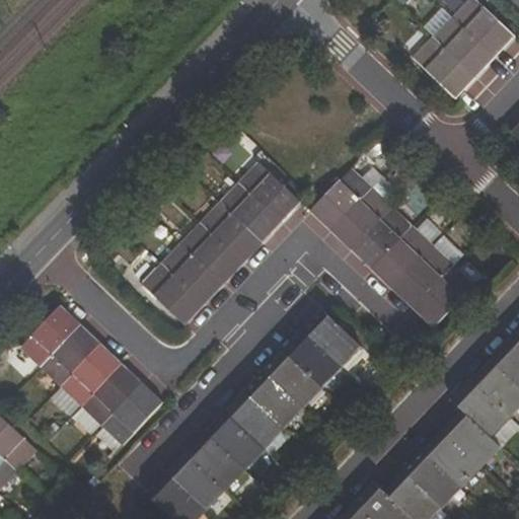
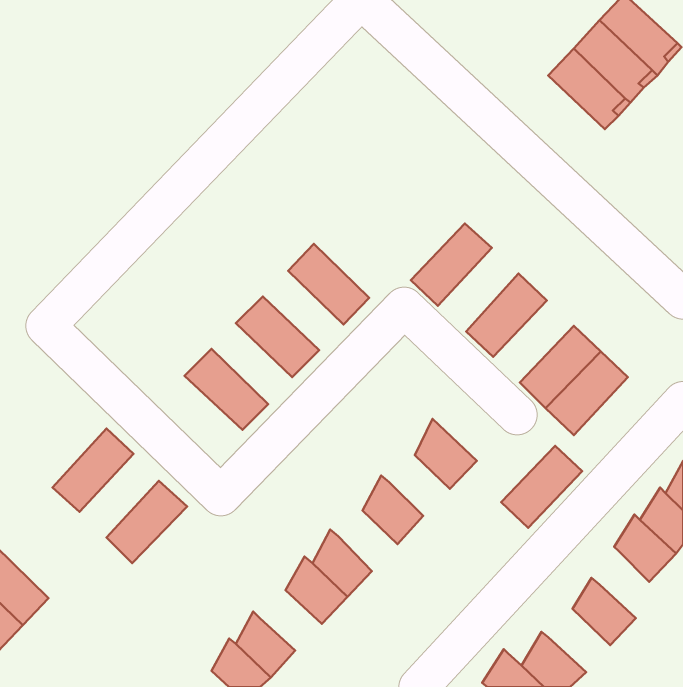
building: [236,161,300,224] -> none
building: [329,187,390,249] -> none
building: [198,204,258,264] -> none
building: [371,226,432,288] -> [501,446,582,528]
building: [159,243,220,304] -> none
building: [19,305,80,367] -> none
building: [293,338,339,388] -> none
building: [60,342,120,404] -> none
building: [254,379,299,430] -> none
building: [99,381,163,445] -> none
building: [451,415,498,465] -> none
building: [196,440,242,490] -> none
building: [413,456,459,506] -> none

